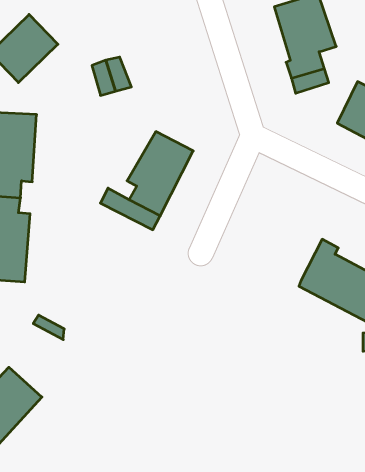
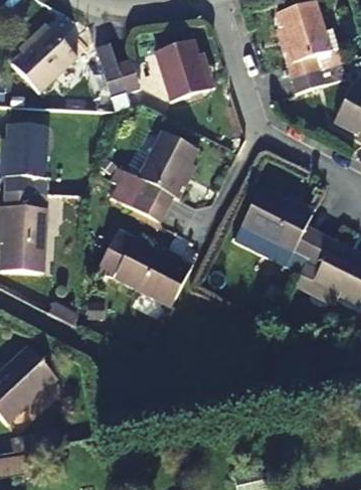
building: none -> [155,38,209,100]
building: none -> [231,185,320,271]
building: none -> [97,228,190,304]

